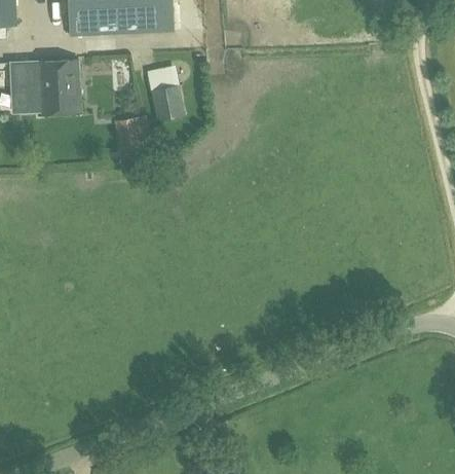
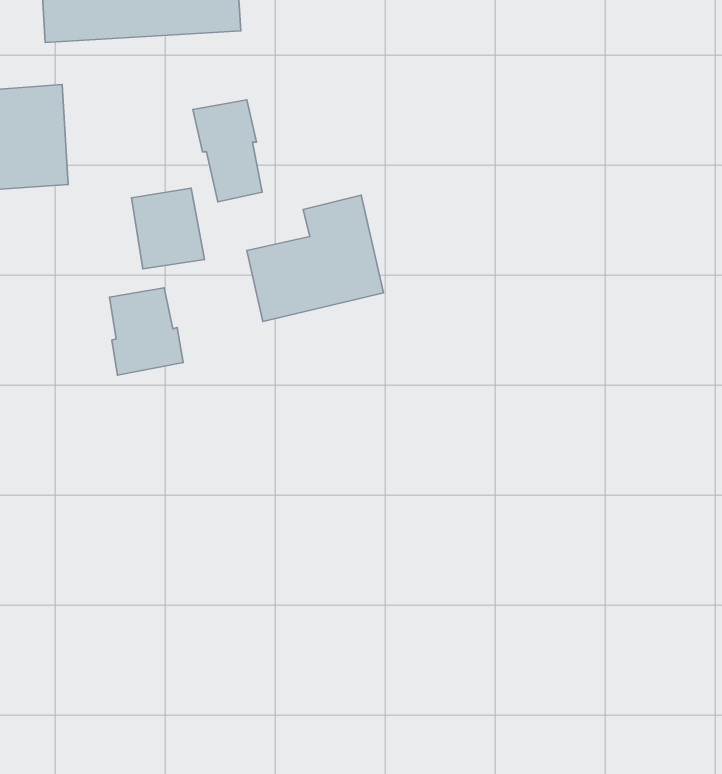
building: none -> [247,195,383,321]
building: none -> [110,288,183,375]

